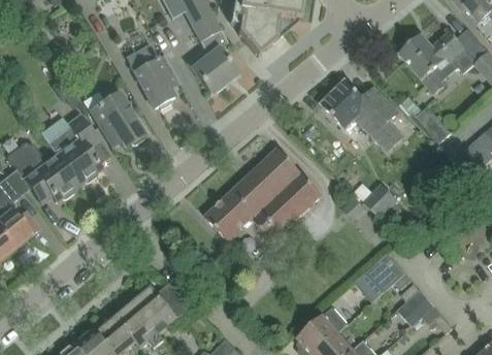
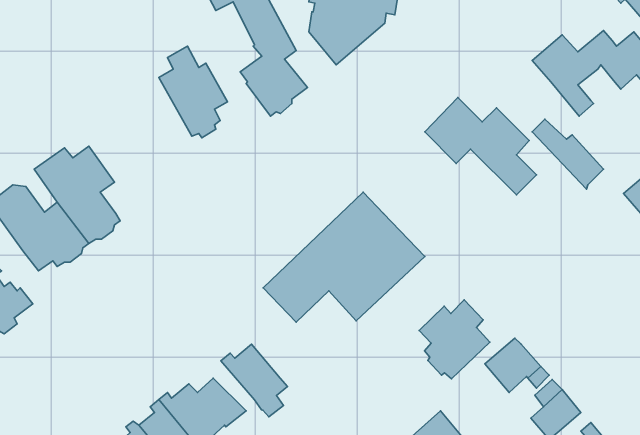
building: [89,92,145,147] -> none
building: [363,183,398,219] -> none
building: none -> [419,300,490,379]
building: none -> [221,344,287,417]

